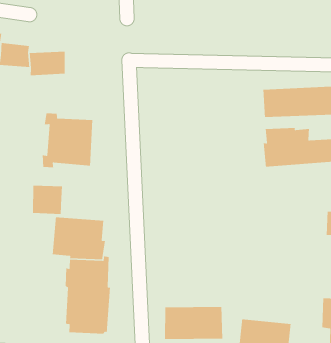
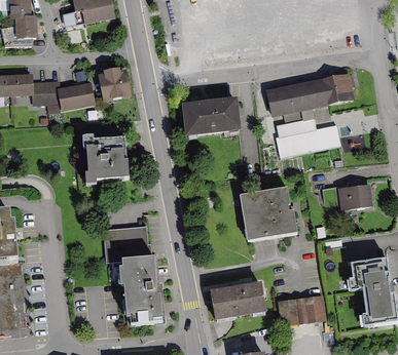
building: none -> [100,68,133,100]
building: none -> [185,98,244,135]
building: [32,185,63,215] -> none
building: none -> [239,189,295,243]

